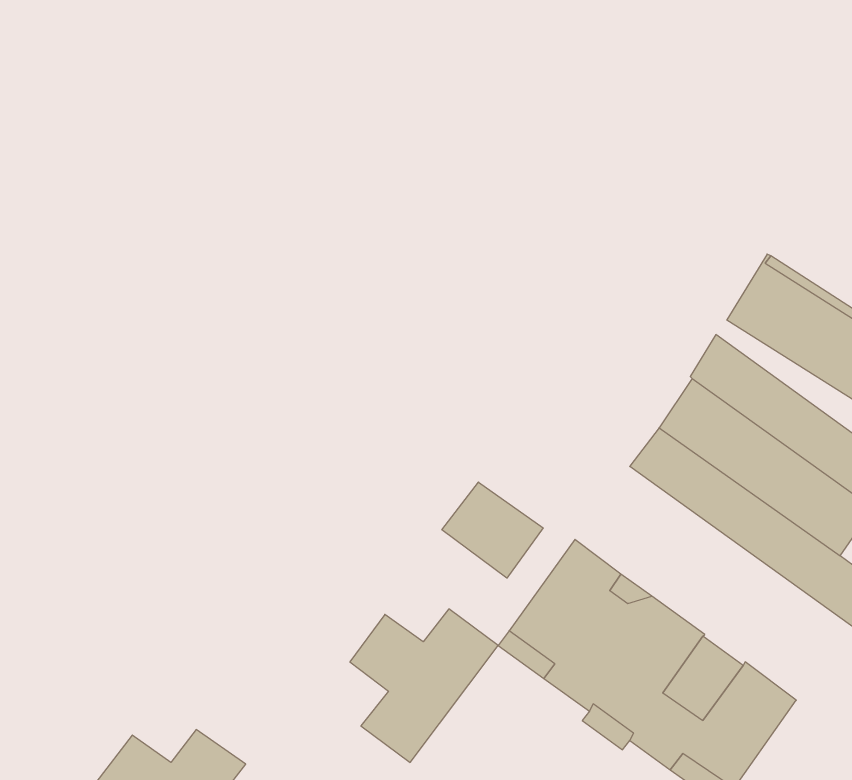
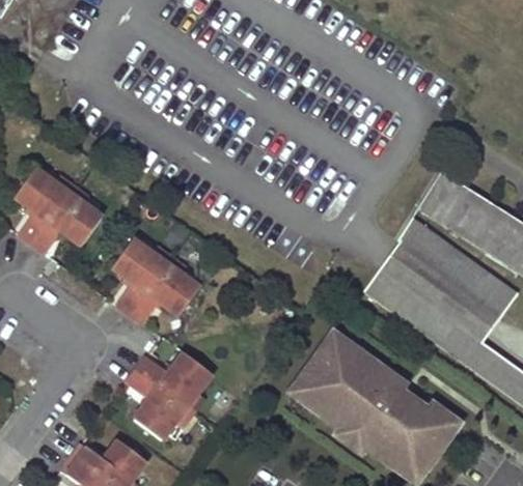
building: none -> [15,169,103,253]
building: none -> [113,238,200,323]
building: [442,482,543,578] -> none
building: [350,609,498,762] -> [128,352,212,439]

